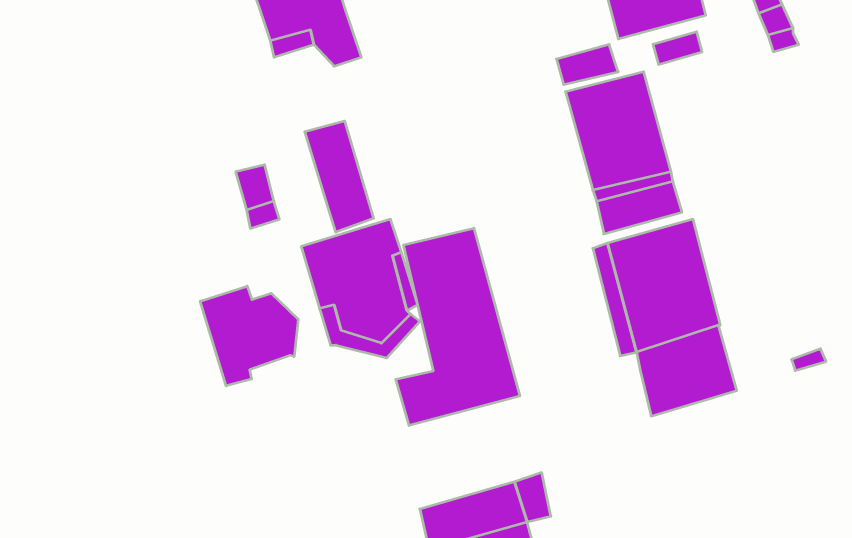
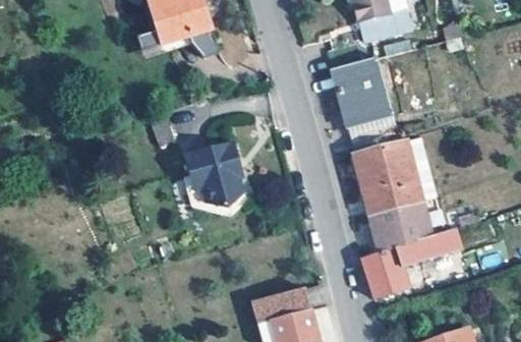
building: [305,121,374,232] -> none
building: [396,228,520,426] -> none
building: [200,286,298,386] -> none
building: none -> [361,227,460,297]

